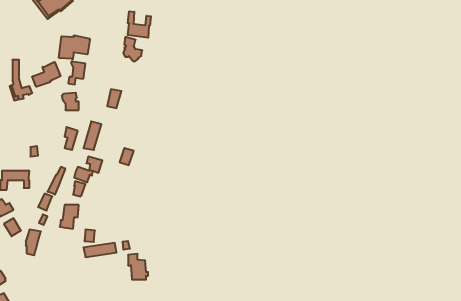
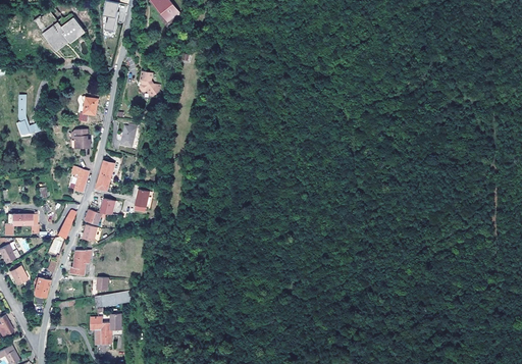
building: [128,11,151,38] -> none
building: [59,35,90,60] -> none
building: [32,62,60,87] -> none
building: [128,254,148,280] -> [92,317,113,345]

